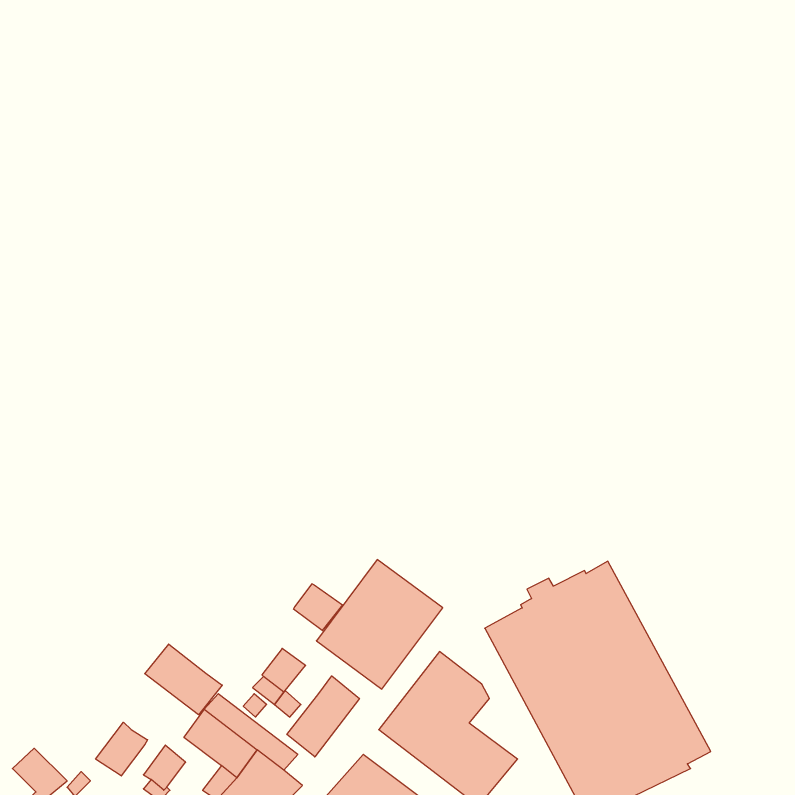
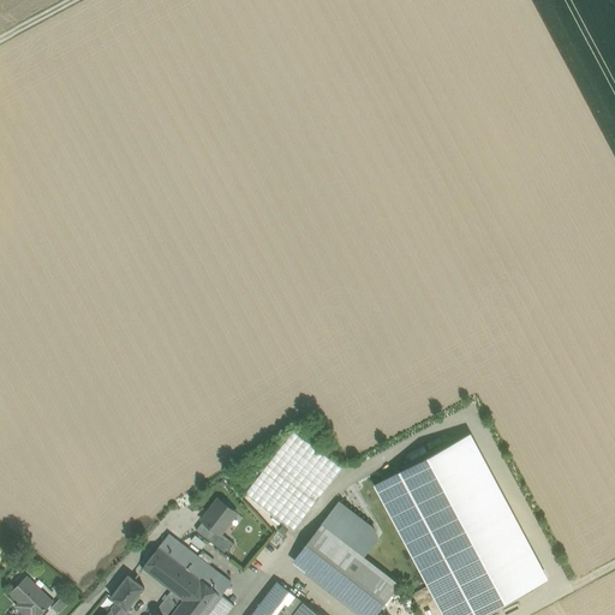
building: [294,584,342,631] -> none
building: [145,644,222,715] -> none
building: [287,676,359,757] -> none
building: [96,722,148,776] -> none

